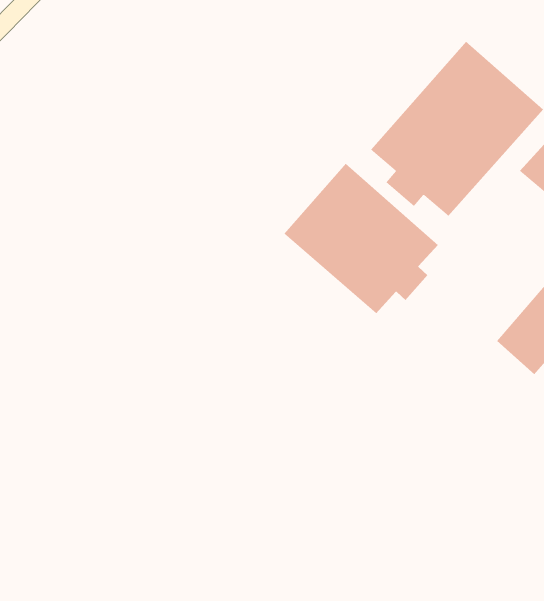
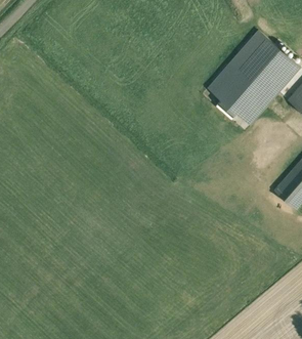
building: [284,163,439,314] -> none

